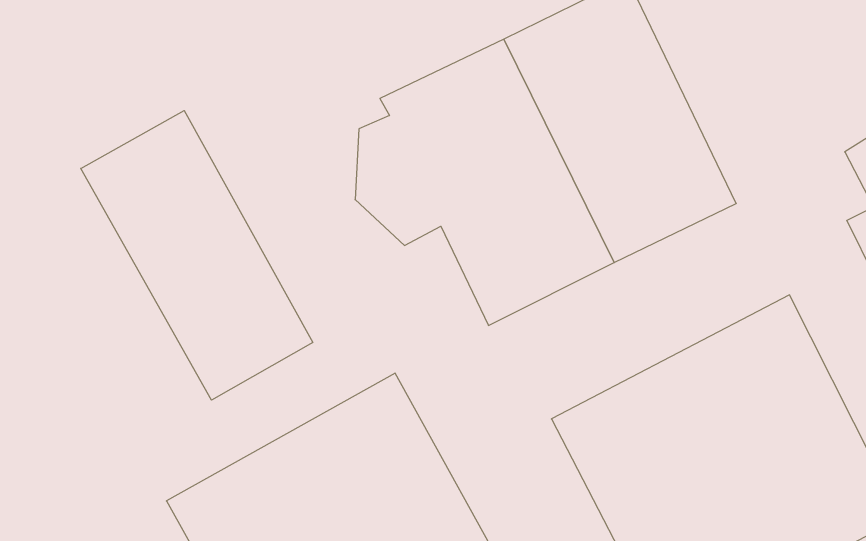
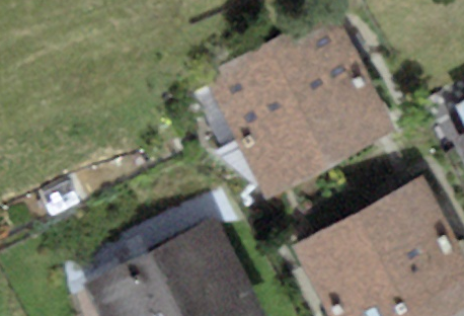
building: [81,111,313,400] -> none

